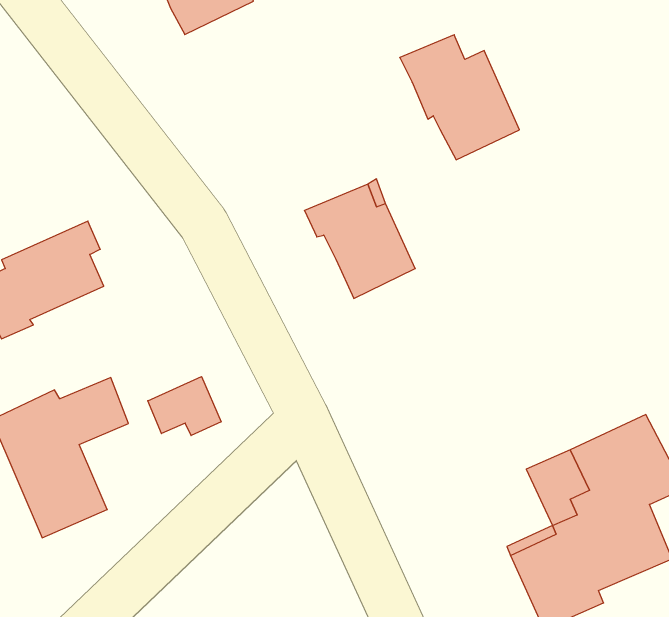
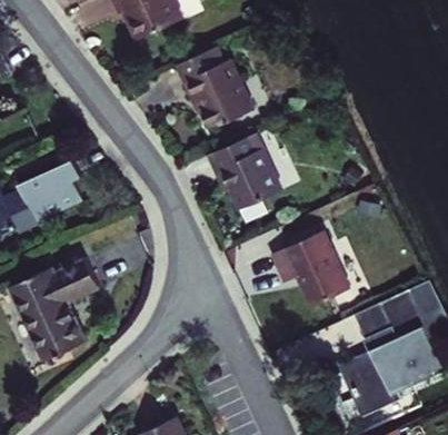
building: [400,35,519,160] -> [175,51,250,130]
building: none -> [272,231,349,306]
building: [148,377,221,436] -> none

